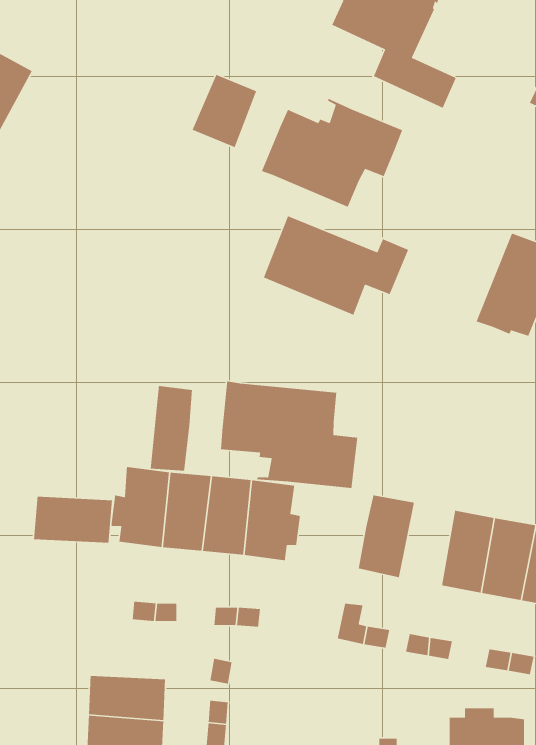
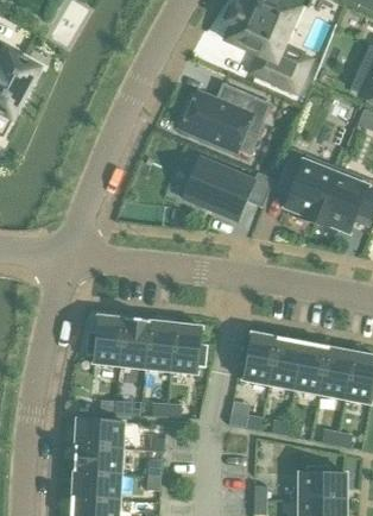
building: [192,74,257,148] -> none
building: none -> [278,150,337,225]
building: [220,381,358,489] -> none
building: [150,385,193,471] -> none
building: [33,496,113,543] -> [74,419,124,448]
building: none -> [267,338,302,390]

